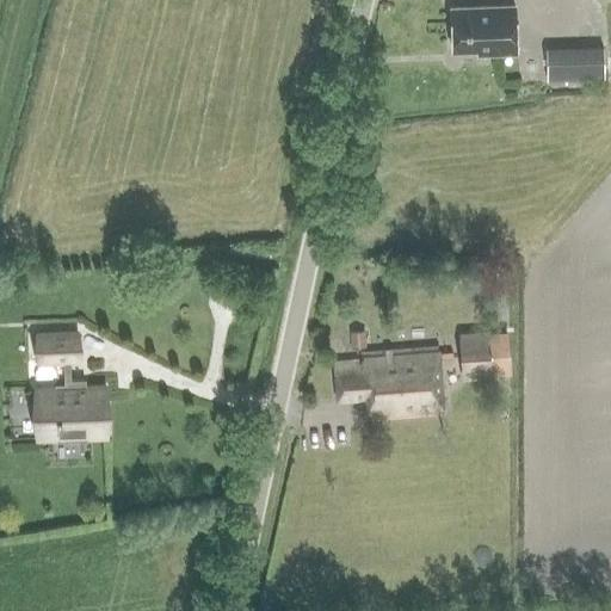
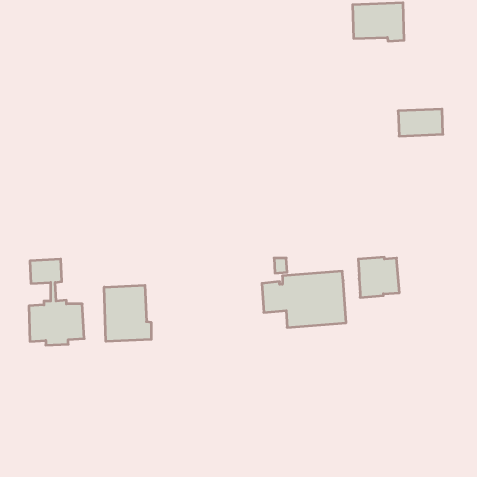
building: [547,44,604,79] -> [398,109,443,136]
building: none -> [104,285,151,341]

